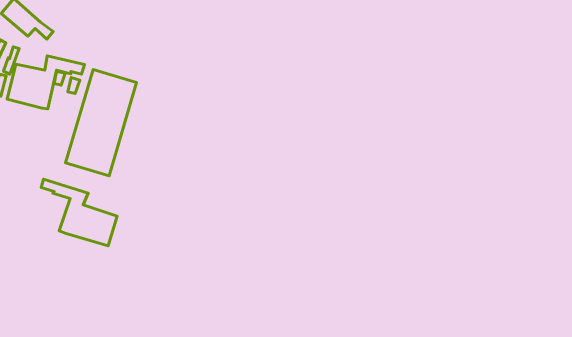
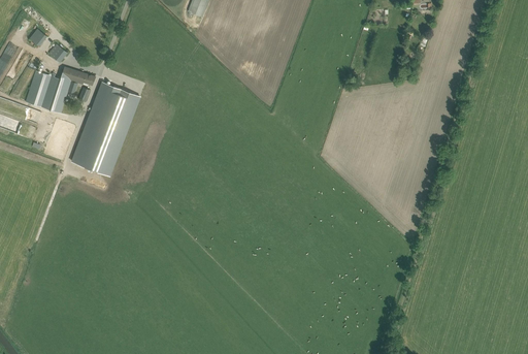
building: [41,179,117,246] -> none

